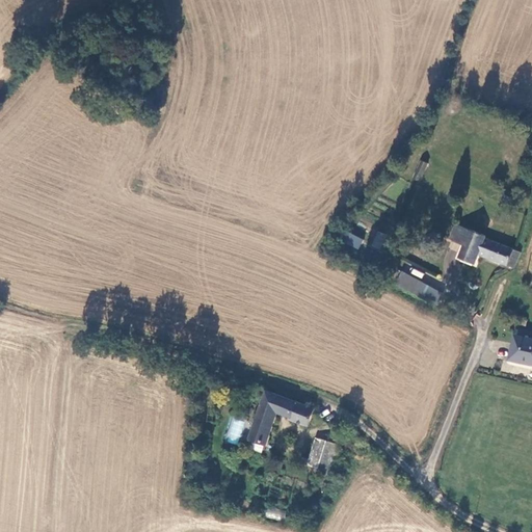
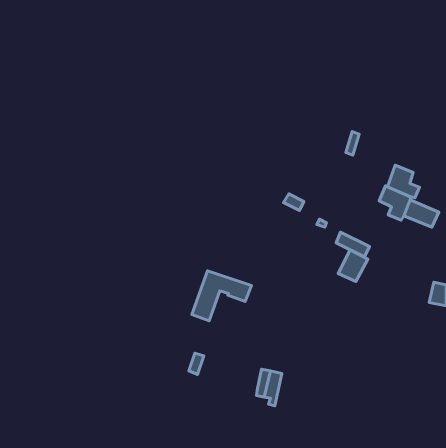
building: none -> [388,165,419,198]
building: none -> [338,250,368,282]
building: [245,388,316,447] -> [192,271,251,321]

